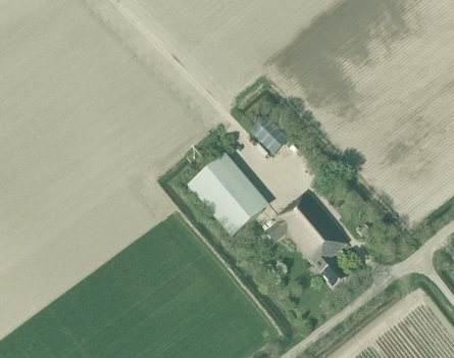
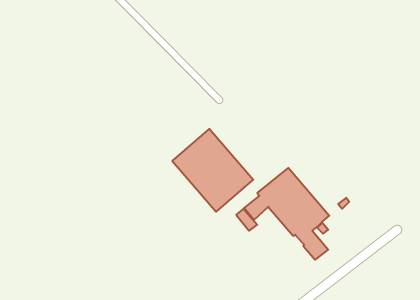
building: [250,114,288,152] -> none

